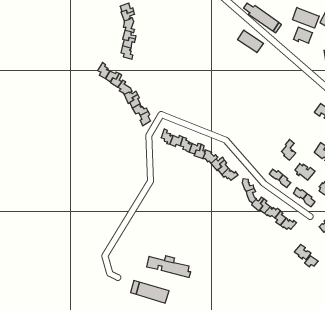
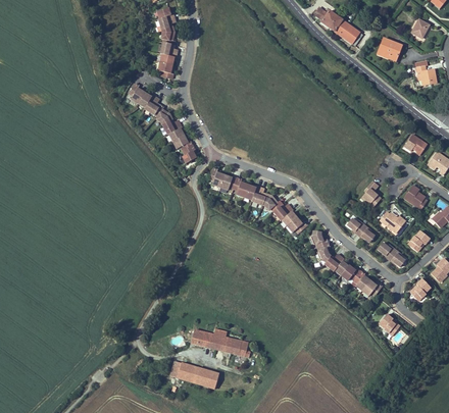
building: [292,7,319,28] -> none
building: [238,30,263,53] -> none

